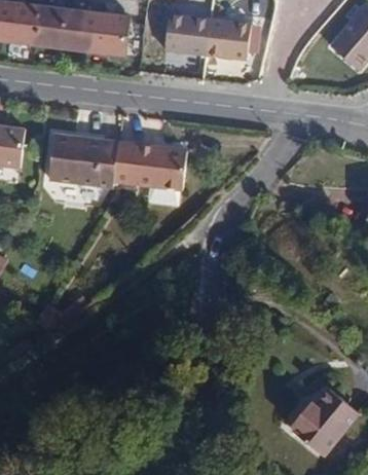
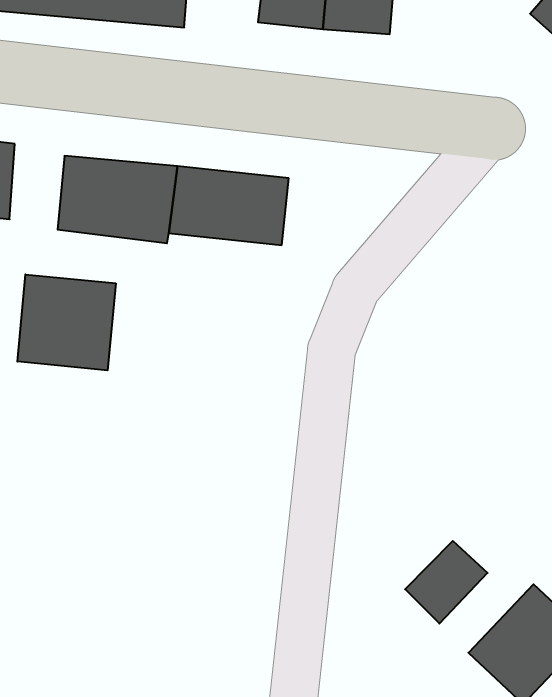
building: none -> [17,274,116,370]
building: none -> [405,541,488,624]

